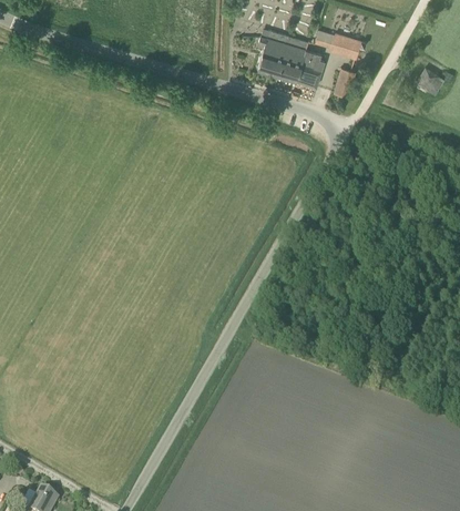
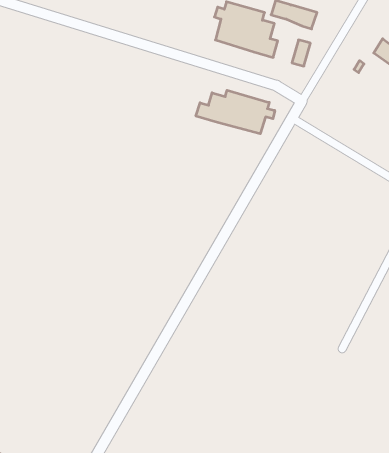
building: none -> [196,90,275,134]

